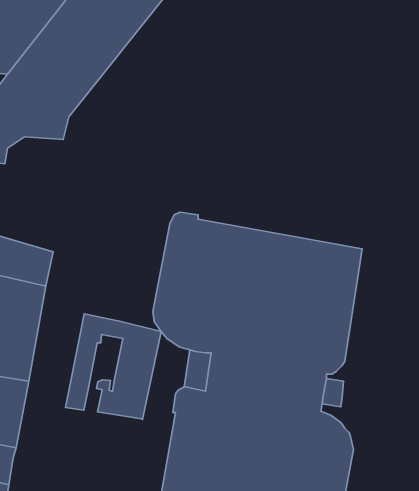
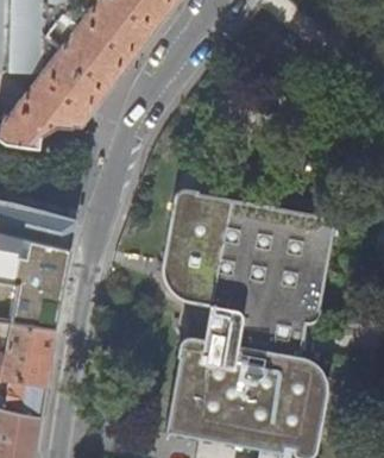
building: [66,314,161,419] -> none

